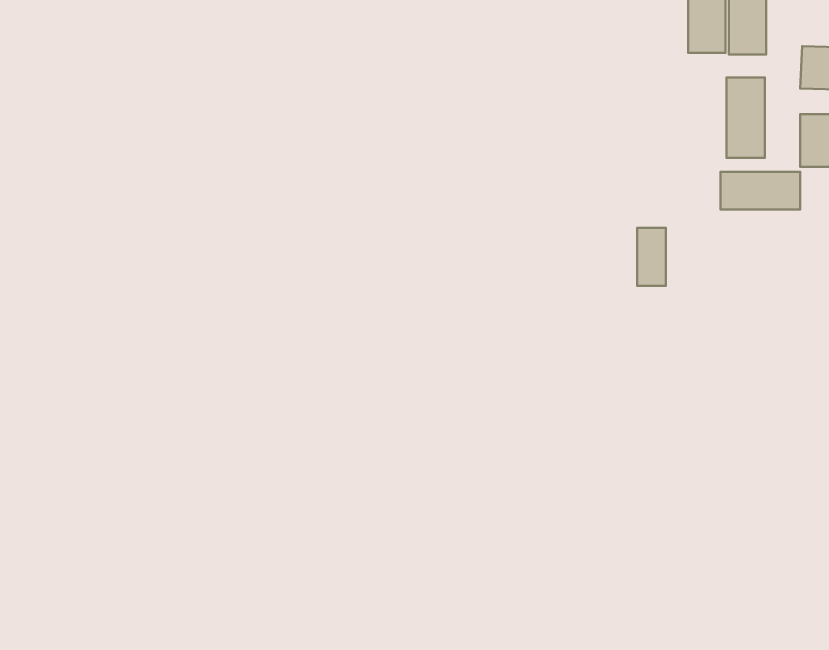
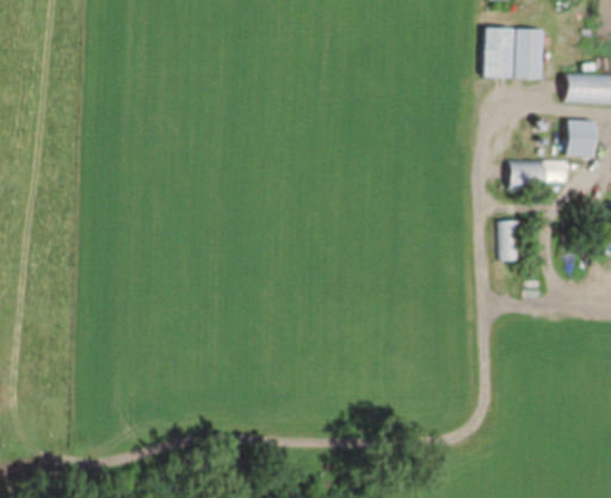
building: [726,77,765,158] -> none
building: [637,228,666,286] -> [500,221,520,262]

